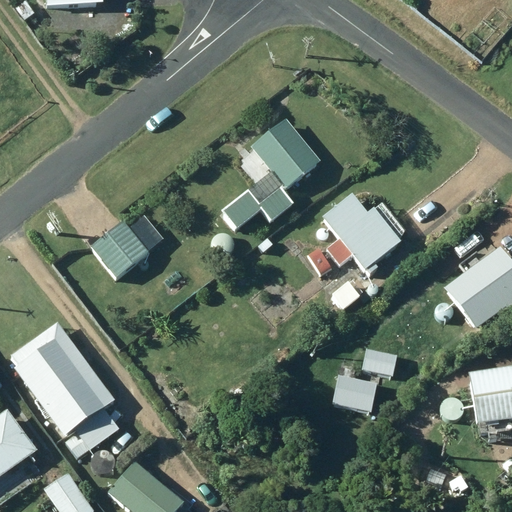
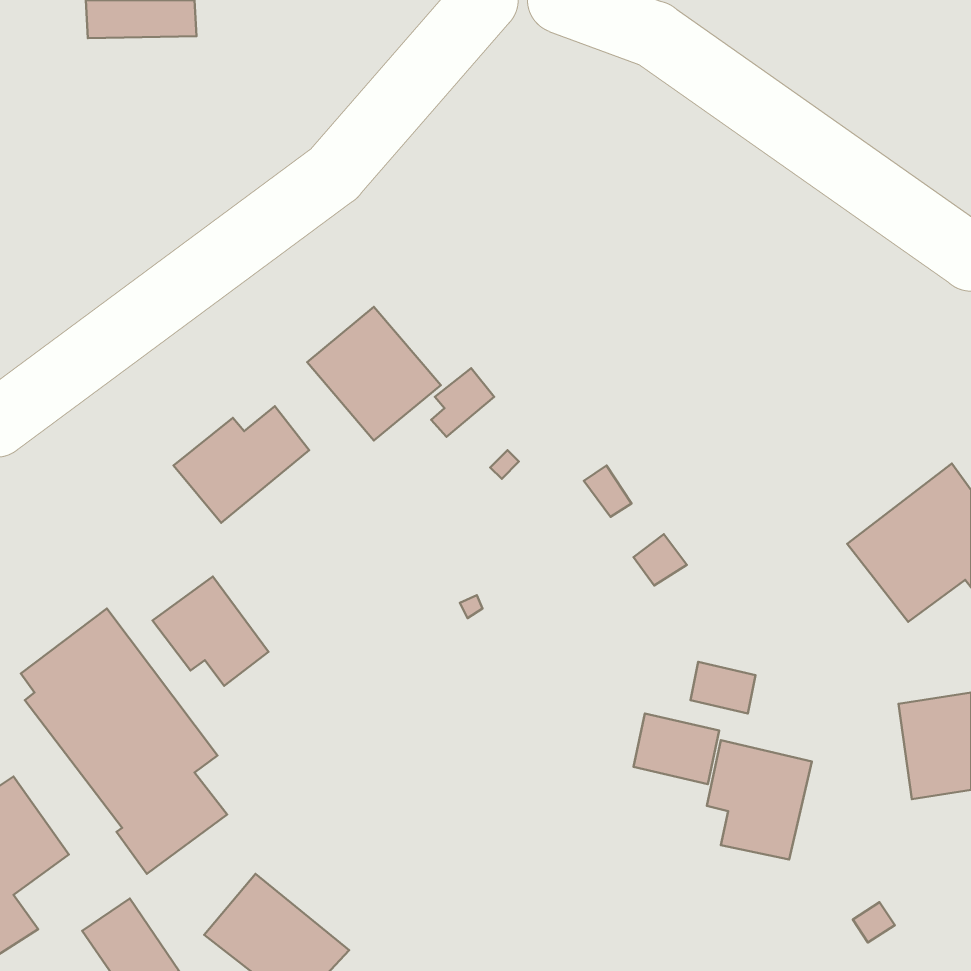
building: [250,118,320,188] -> [307,307,441,440]
building: [322,192,401,269] -> none
building: none -> [153,576,269,686]
building: none -> [707,740,812,860]

